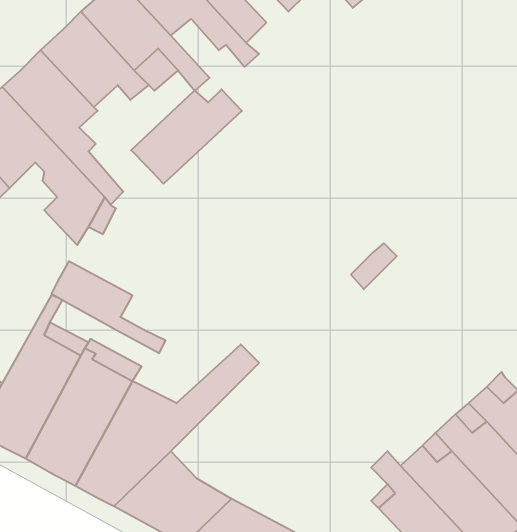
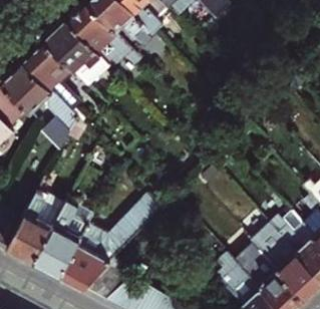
building: [131,89,242,184] -> none
building: [52,261,166,353] -> none

